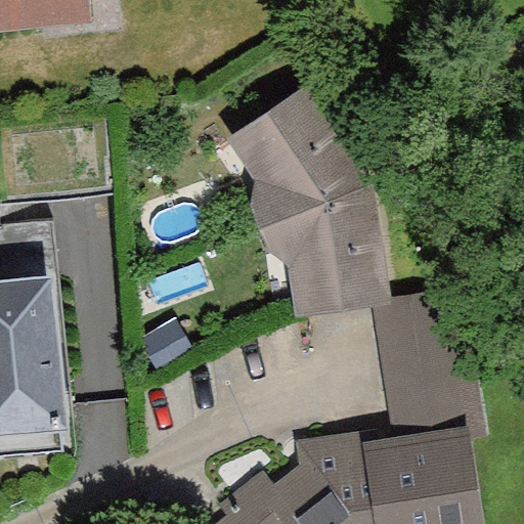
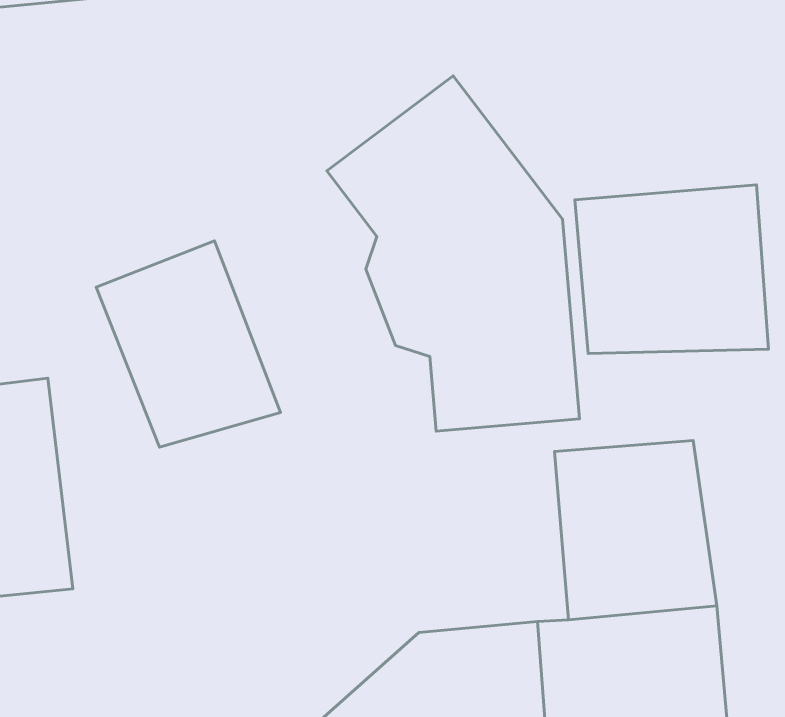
building: none -> [575,185,768,353]
building: none -> [96,241,281,447]

